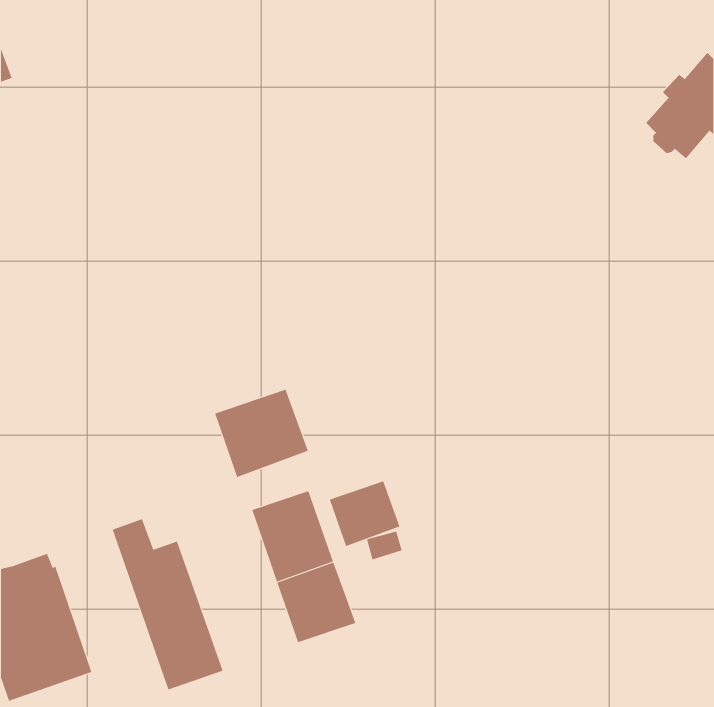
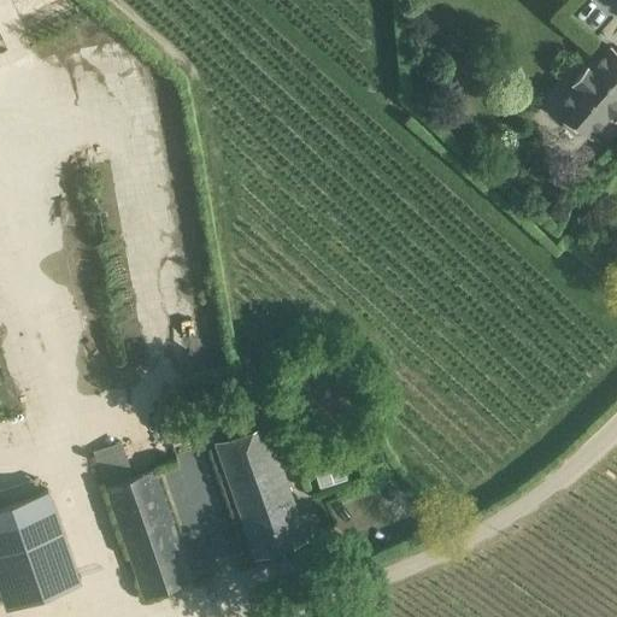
building: [214,389,308,478] -> none
building: [329,481,400,547] -> none

